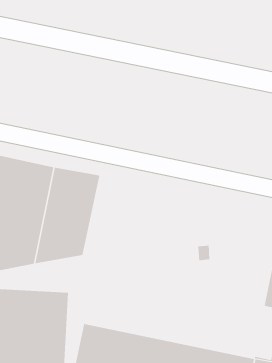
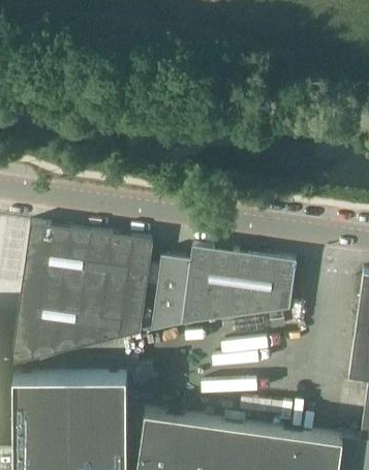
building: none -> [151,246,296,331]

